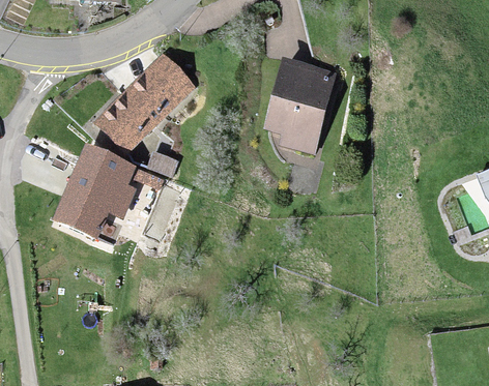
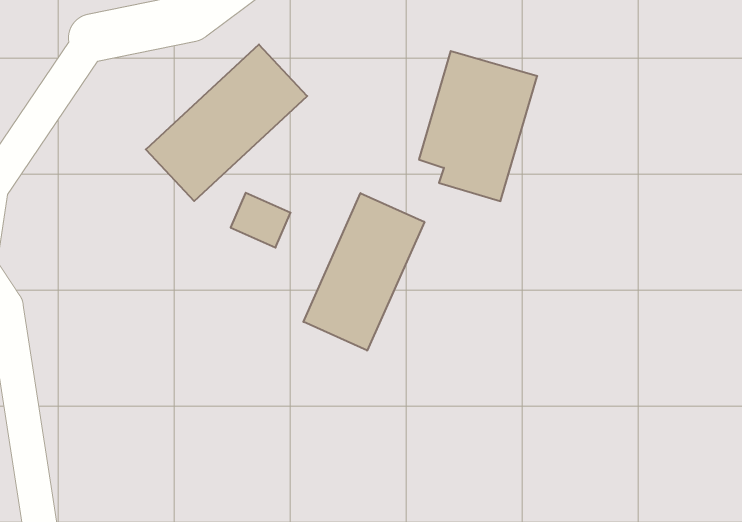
building: none -> [303,193,424,351]
building: [57,148,136,242] -> none

